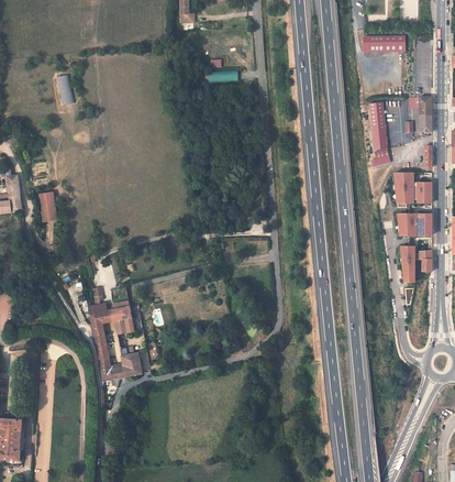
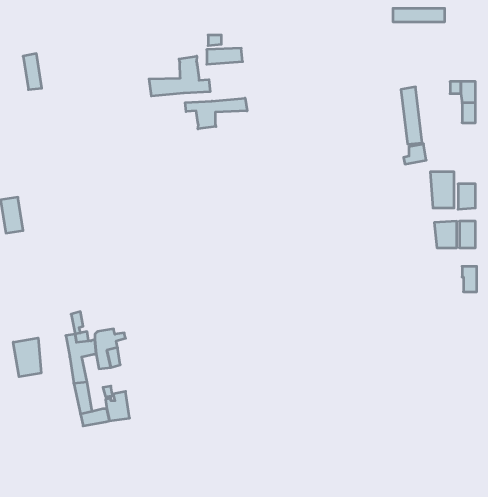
building: none -> [149,56,210,96]
building: none -> [185,98,247,129]
building: [399,245,414,281] -> none
building: none -> [13,338,41,377]

